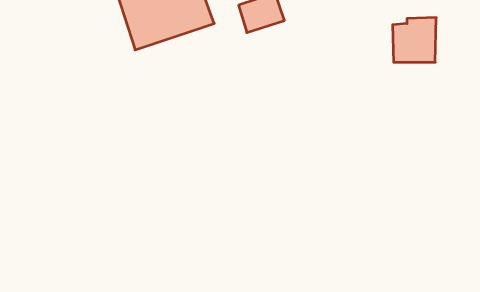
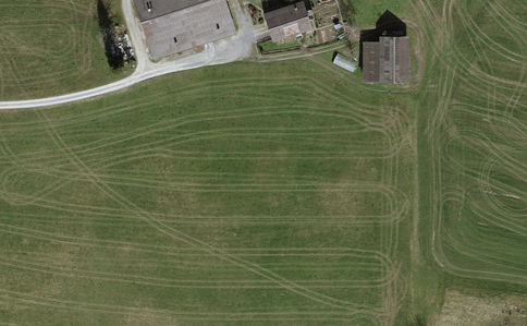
building: [393,18,436,62] -> [363,35,409,83]

